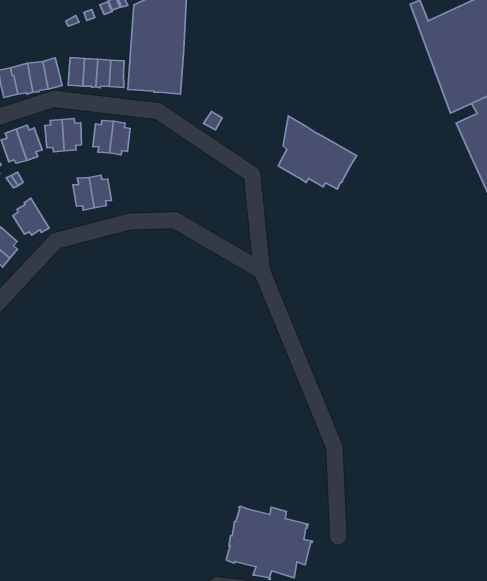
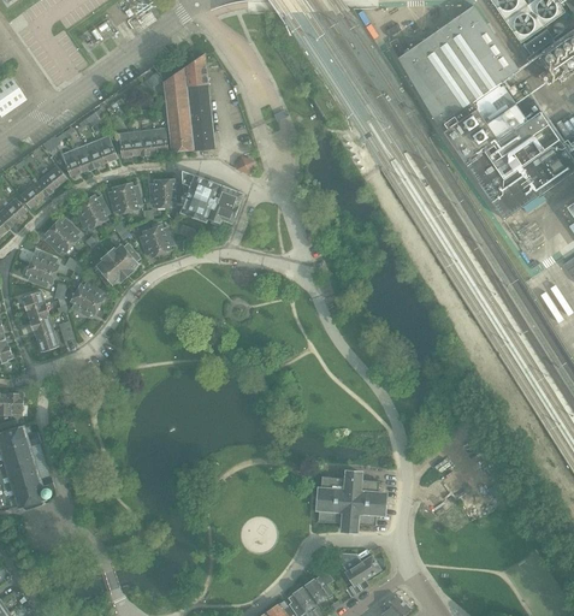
building: [278,116,357,189] -> [181,170,243,223]
building: none -> [107,244,138,276]

